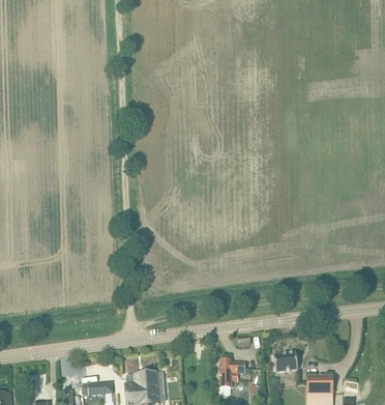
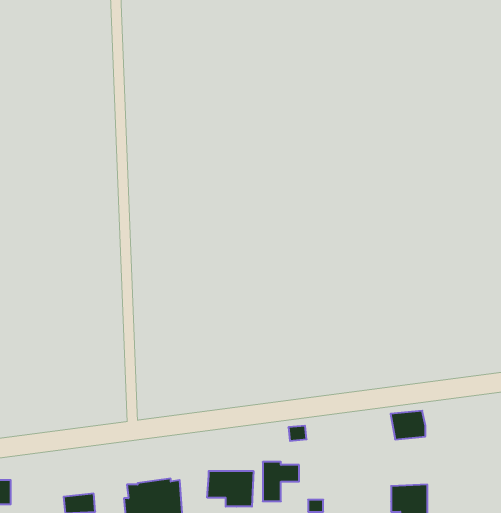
building: [273,352,297,372] -> [391,411,425,439]
building: none -> [207,471,253,507]

